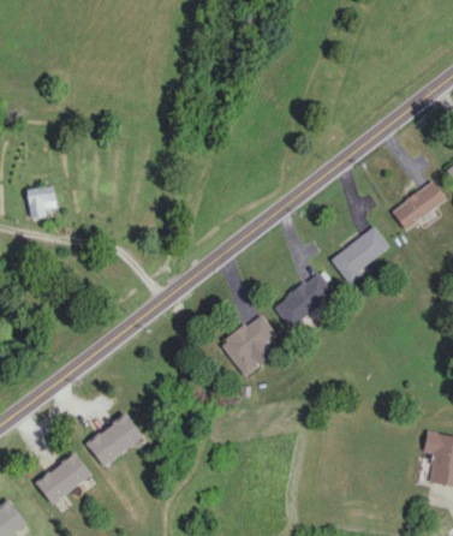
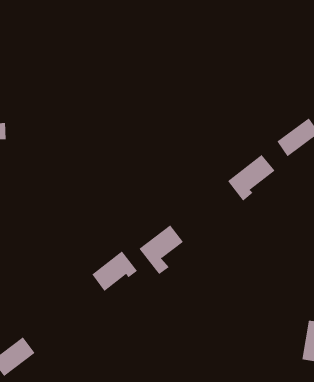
building: [274,272,333,327] -> none
building: none -> [91,251,138,292]
building: [87,416,143,464] -> none

